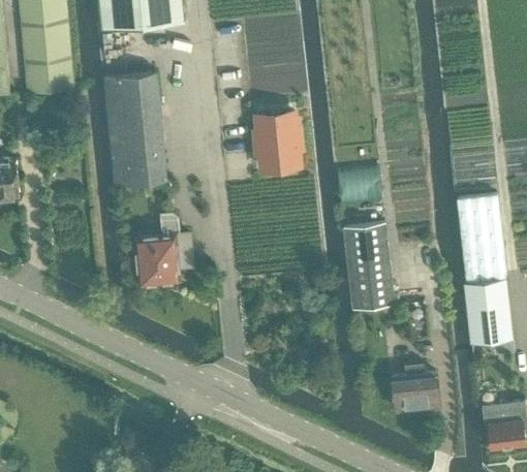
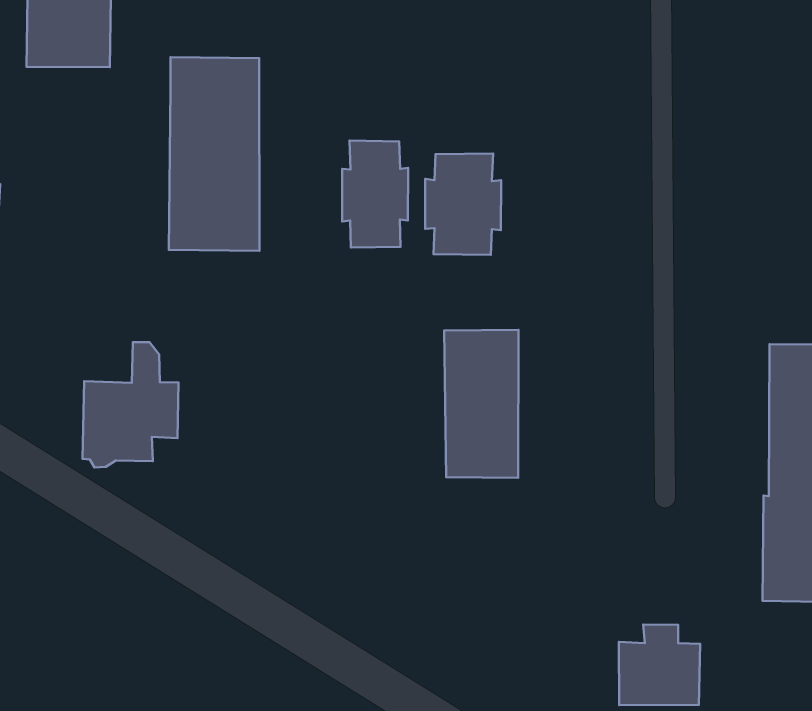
building: none -> [342,140,408,248]
building: [137,214,193,287] -> [83,342,178,467]
building: [344,223,395,310] -> [444,330,519,478]

